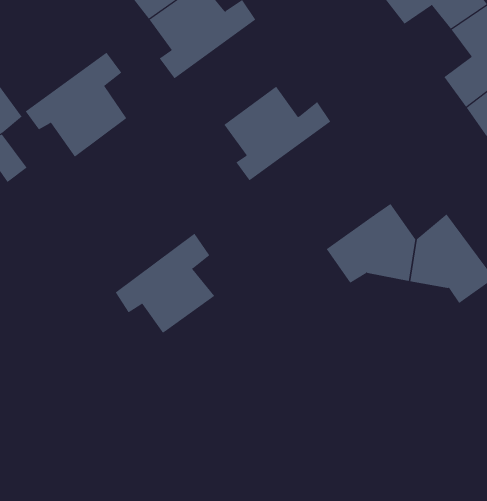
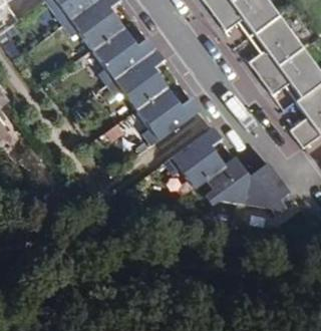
building: [25,52,127,157] -> [103,43,164,105]
building: [115,233,215,333] -> [162,121,221,181]

